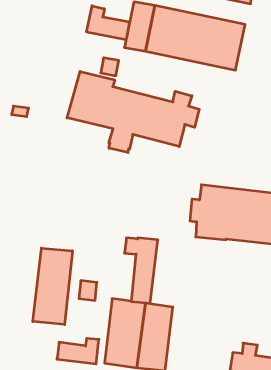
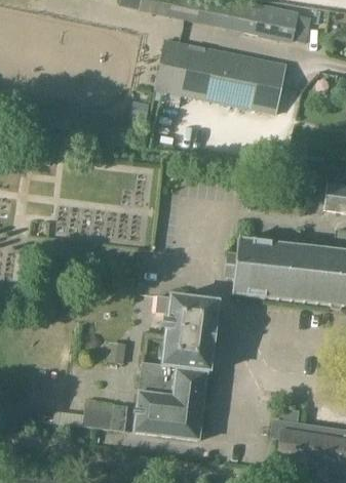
building: [87,6,130,40] -> none
building: [67,71,199,153] -> none
building: none -> [184,296,219,369]
building: [33,248,72,325] -> none

